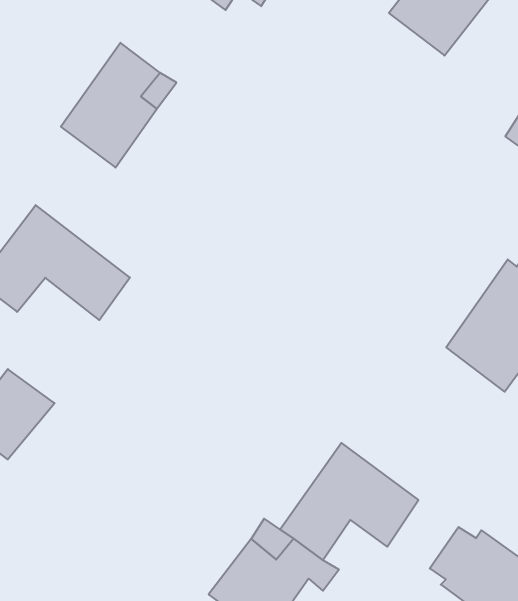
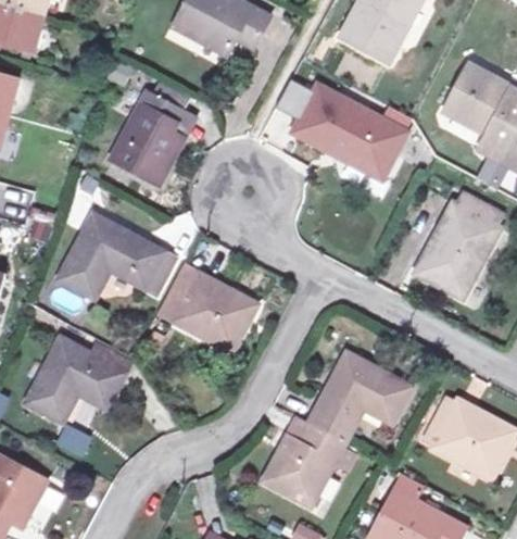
building: none -> [275,75,406,171]
building: none -> [162,262,254,348]

